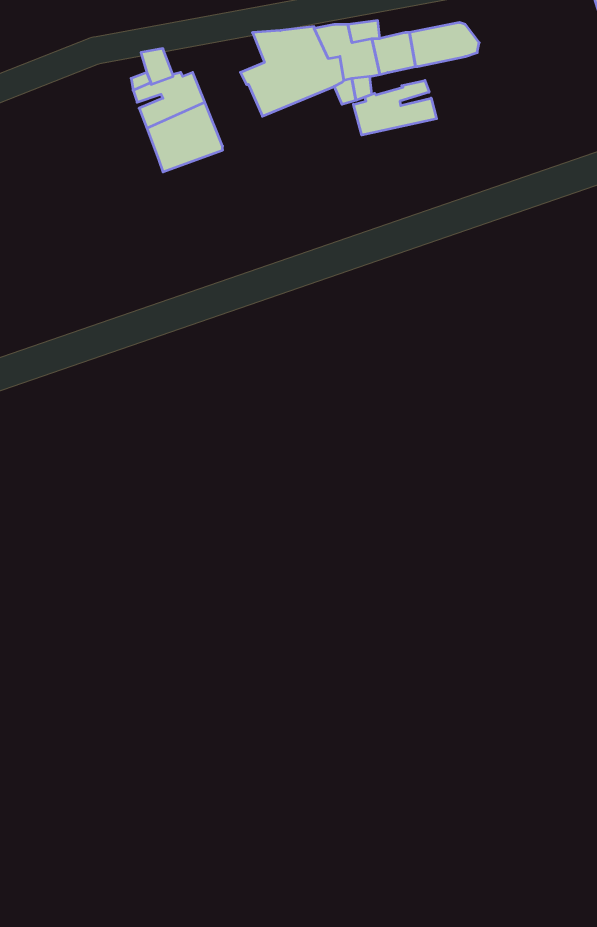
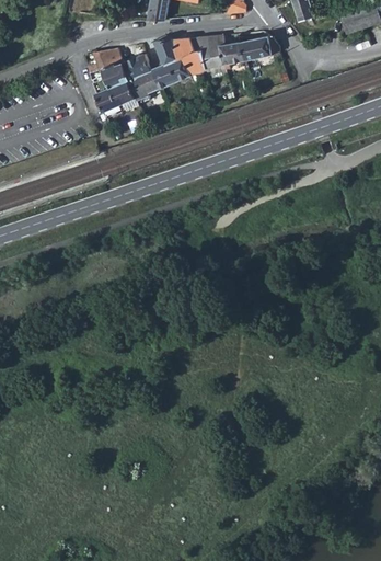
building: none -> [122,54,160,104]
building: [353,80,437,135] -> none

